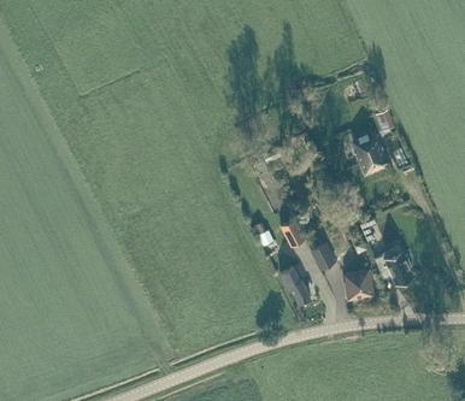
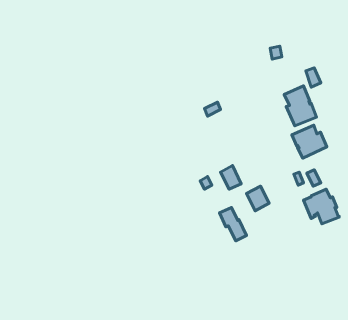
building: none -> [292,125,327,158]
building: [343,270,372,300] -> none

